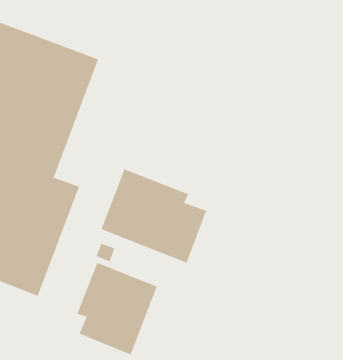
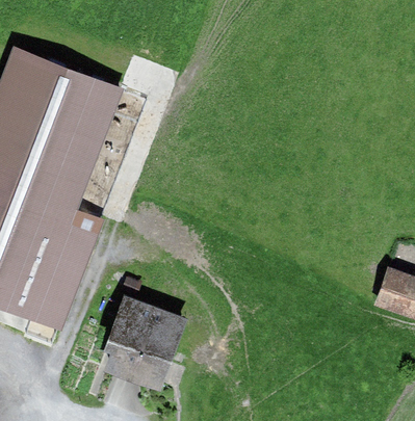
building: [101,168,207,264] -> none

